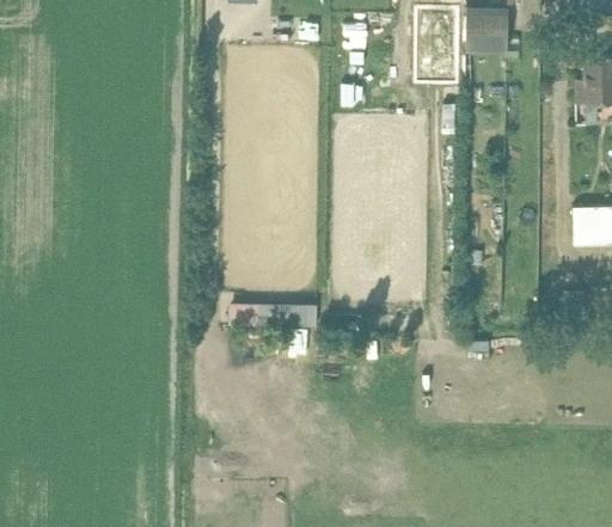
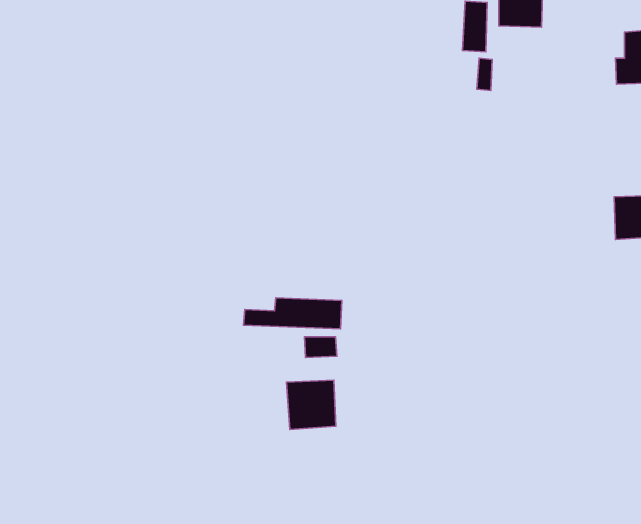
building: none -> [287,380,336,429]

